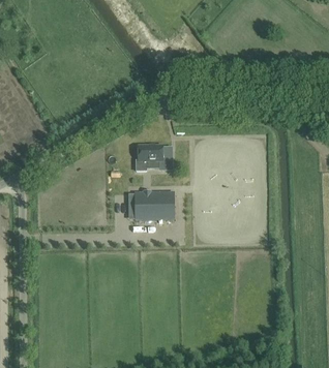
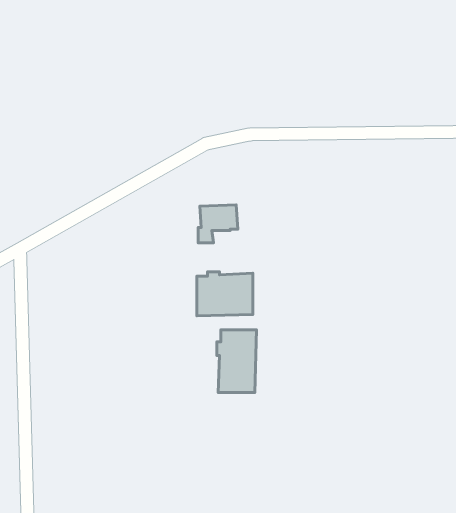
building: none -> [217,330,256,393]

